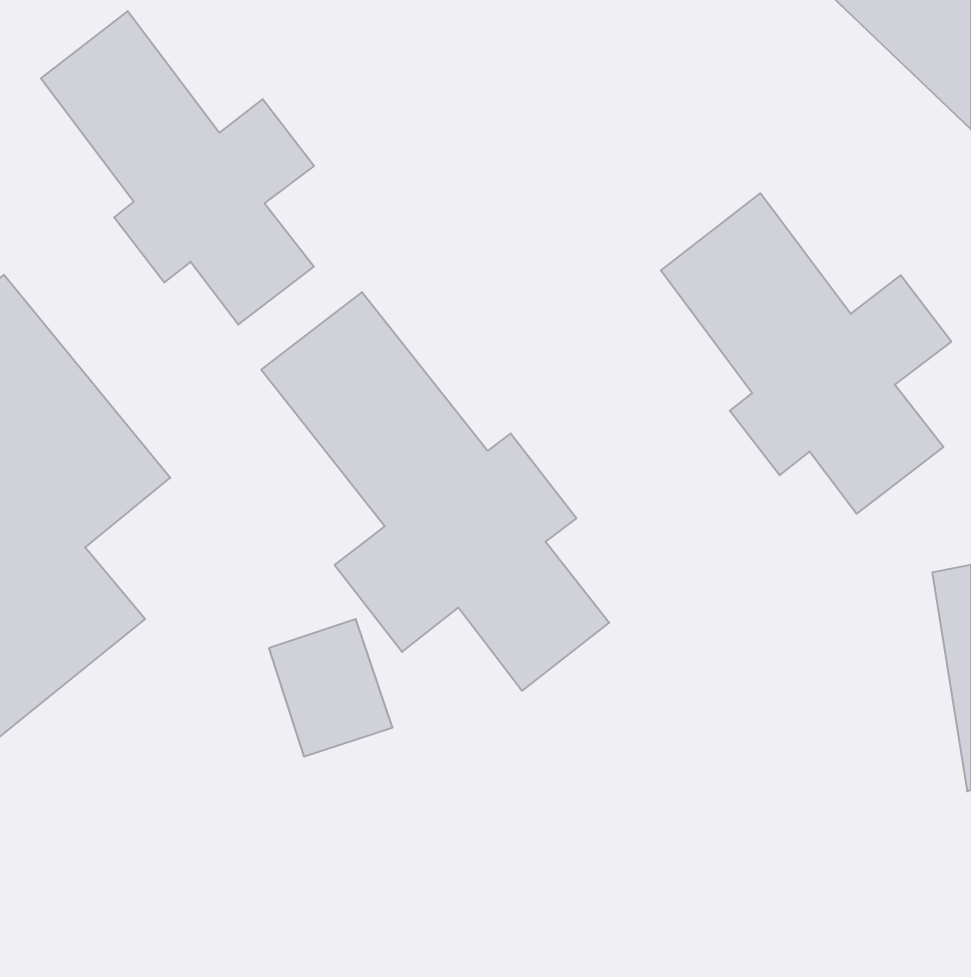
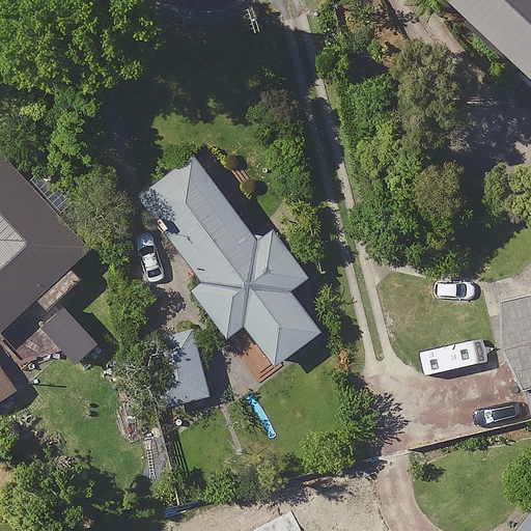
building: [41,11,314,325] -> none
building: [661,193,951,514] -> none

